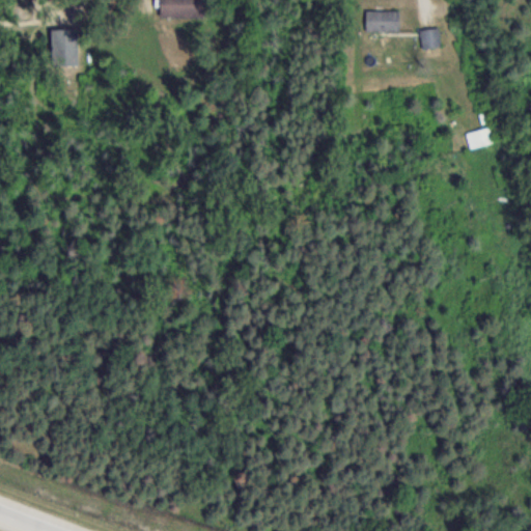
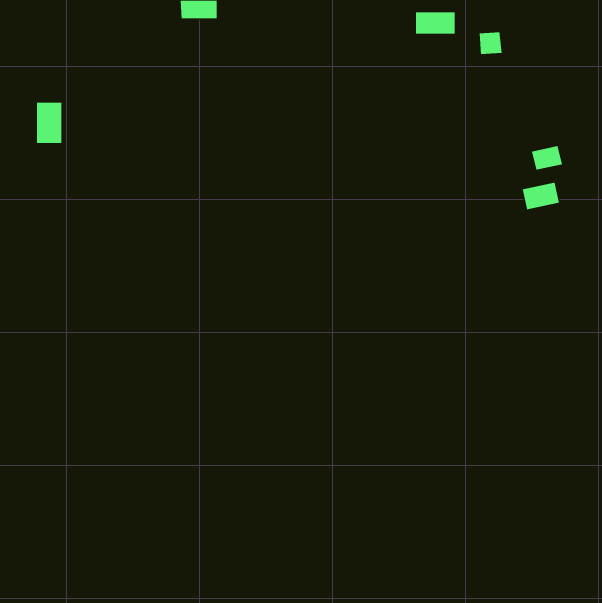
building: [52,30,75,66] -> [36,102,62,144]
building: none -> [522,182,559,210]

